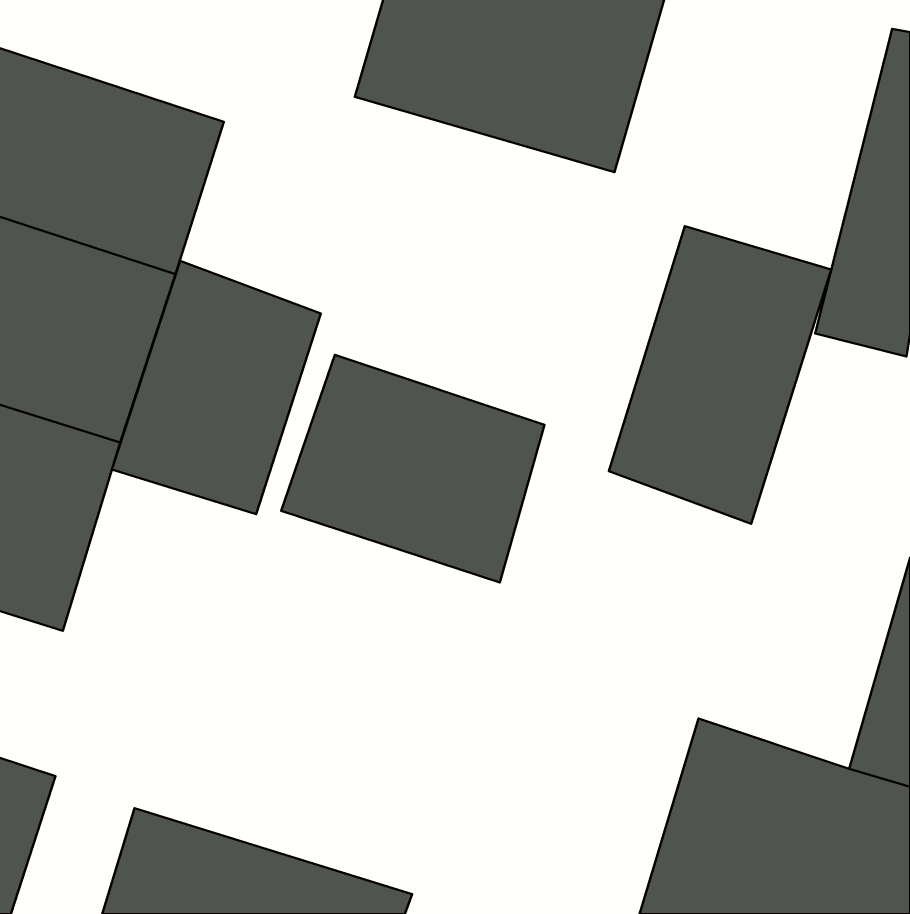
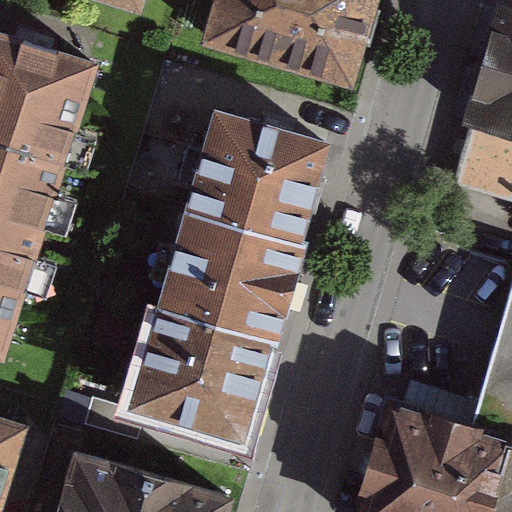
building: none -> [187,111,325,237]
building: [609,226,831,524] -> none
building: [112,261,321,514] -> none
building: none -> [124,285,279,449]

